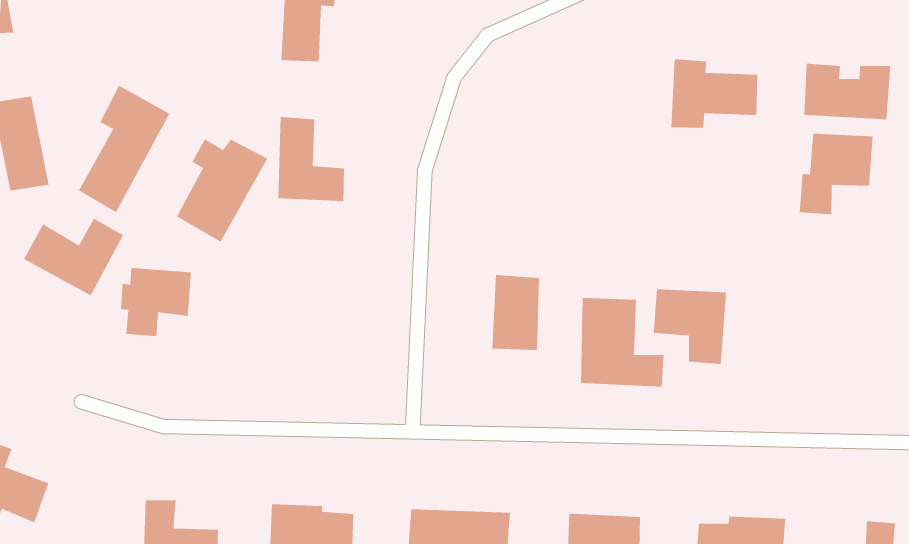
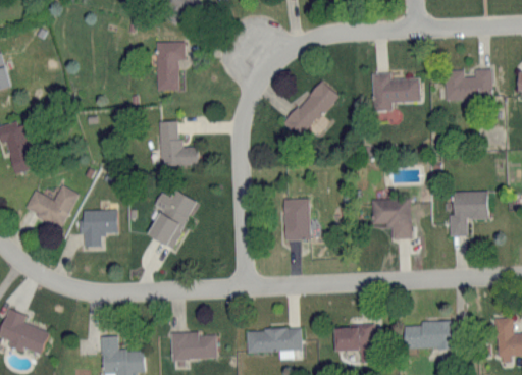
building: none -> [284,79,336,139]
building: [78,85,170,213] -> none
building: [799,133,874,215] -> [450,191,487,235]
building: [176,139,268,242] -> [148,191,196,248]
building: [580,297,664,388] -> none

